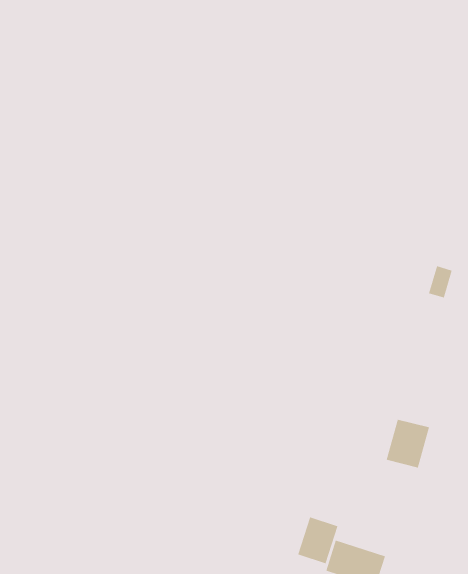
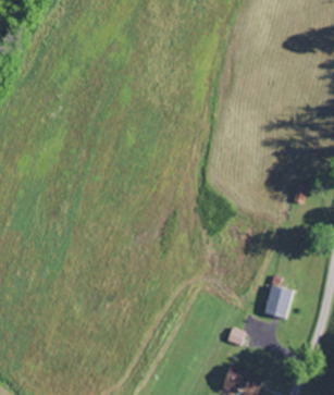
building: [298,517,338,564] -> none

